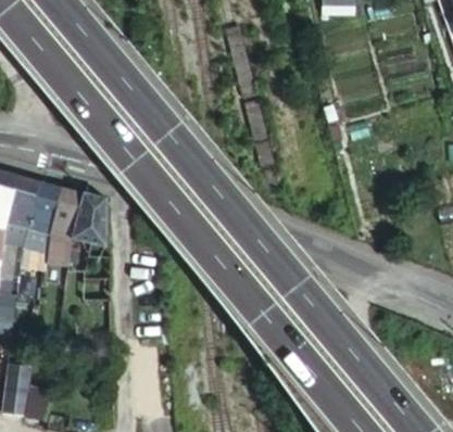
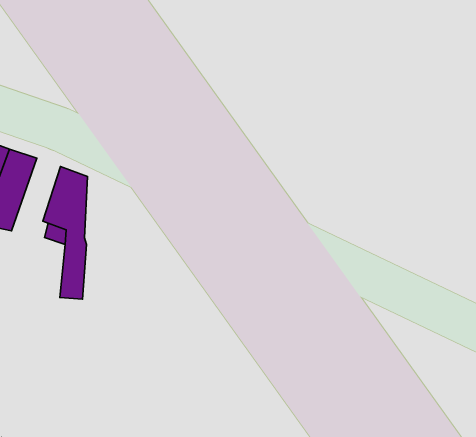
building: [45,186,83,265] -> none

